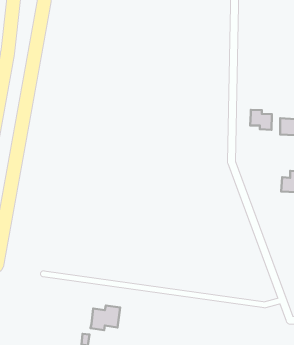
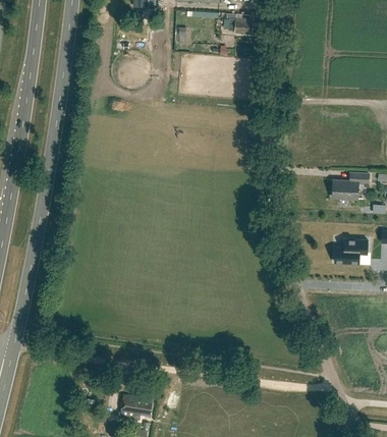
building: [250,110,272,130] -> none

